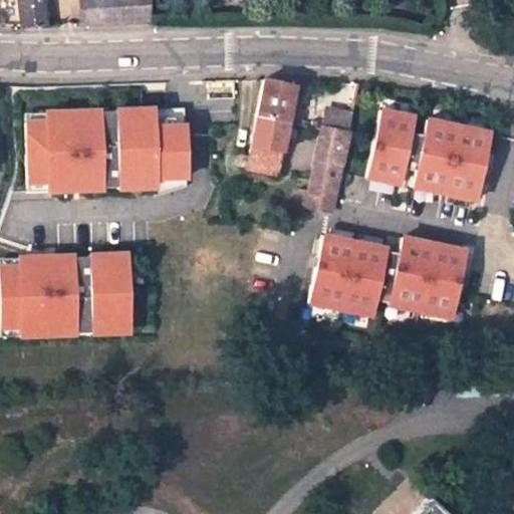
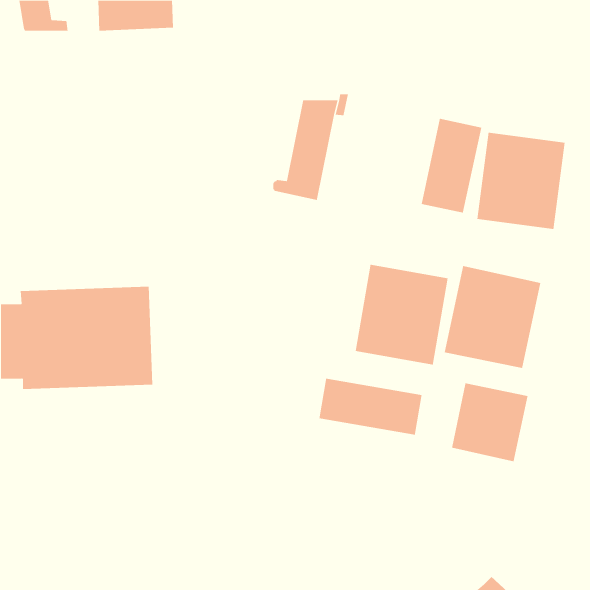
building: [25,103,192,194] -> none
building: [308,110,352,213] -> none
building: none -> [319,378,422,435]
building: none -> [451,382,528,462]

